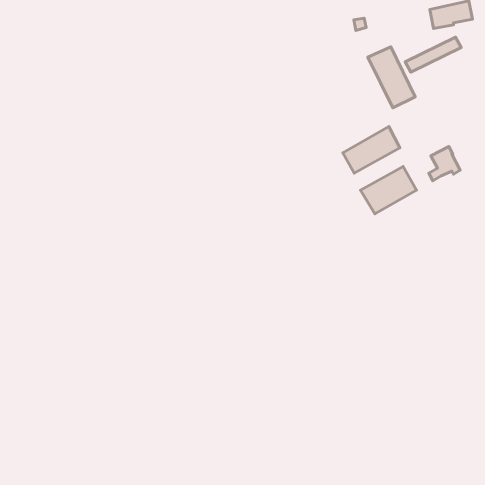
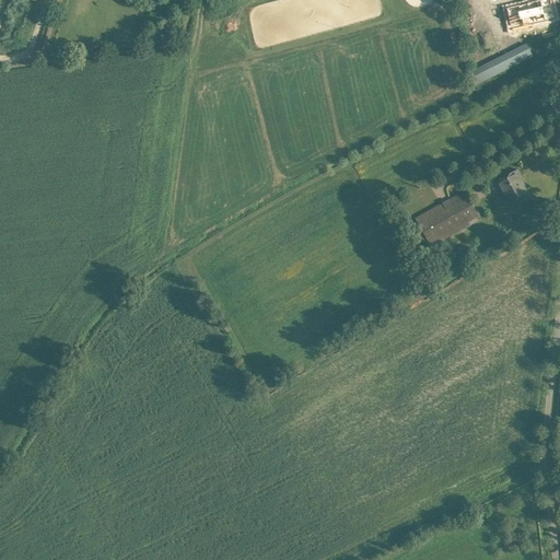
building: [368,47,415,108] -> none
building: [343,127,400,173] -> none

